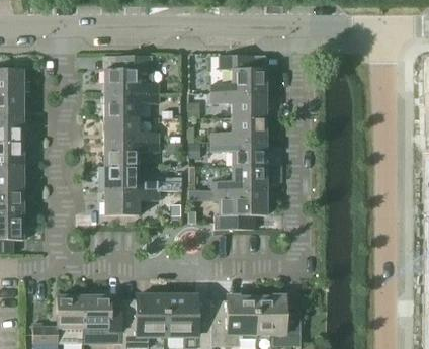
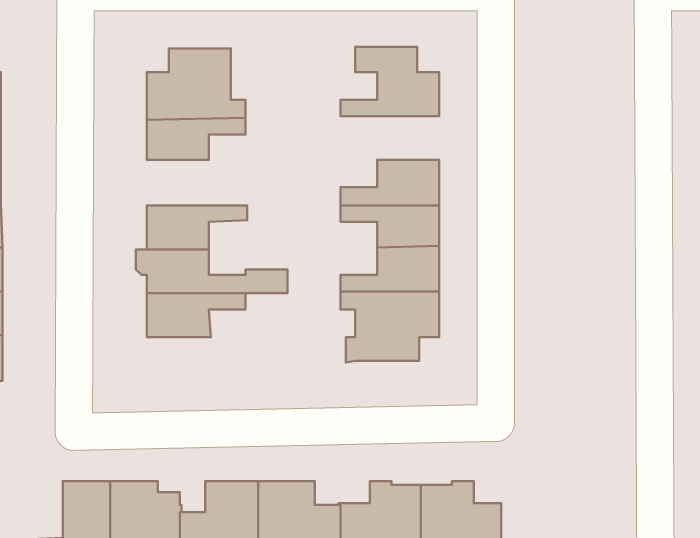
building: [211,92,266,116] -> none
building: [104,116,160,142] -> none

